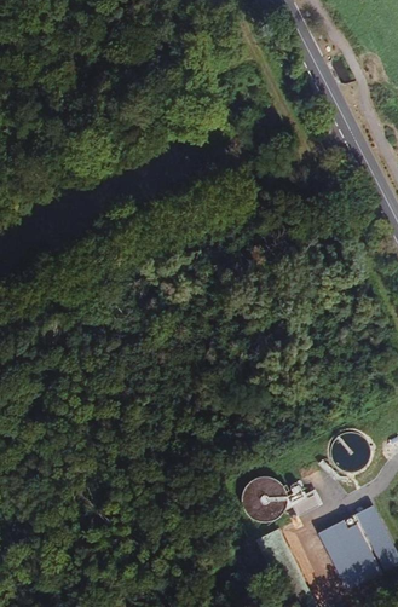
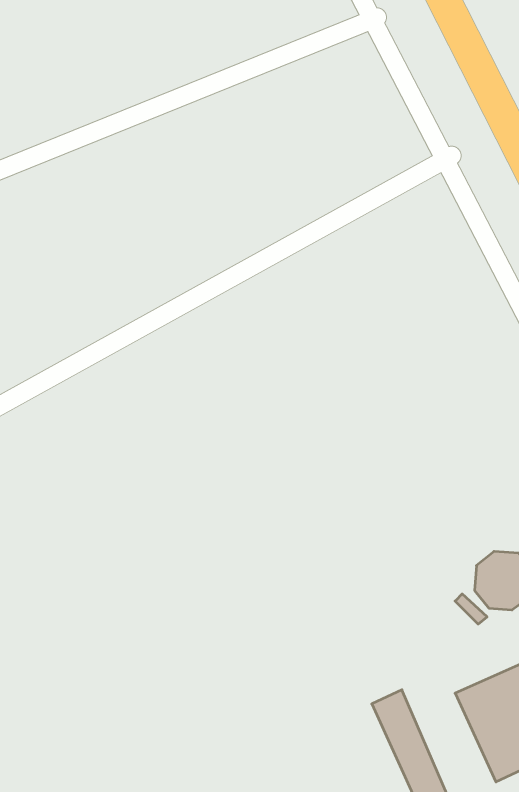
building: [244,480,284,521] -> none

